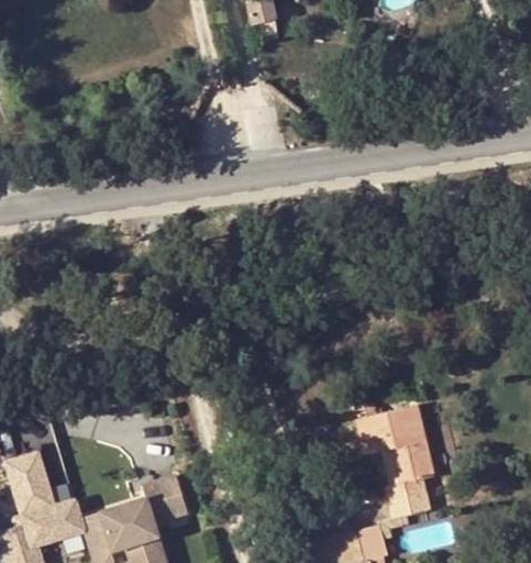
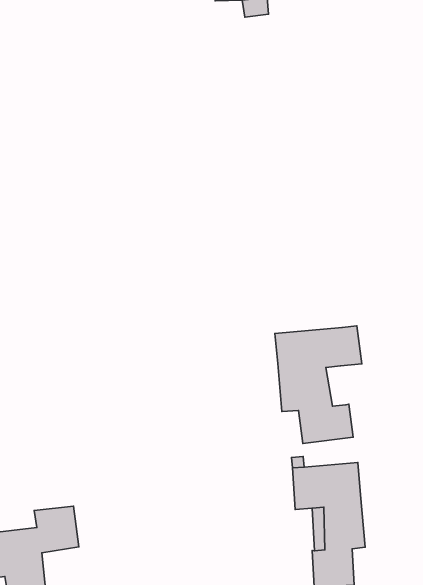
building: none -> [275,326,362,444]

